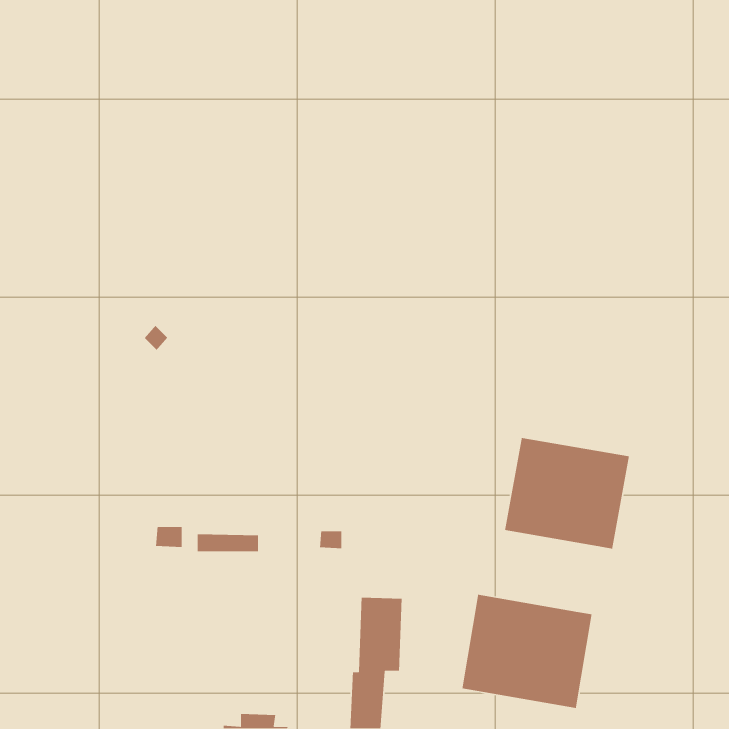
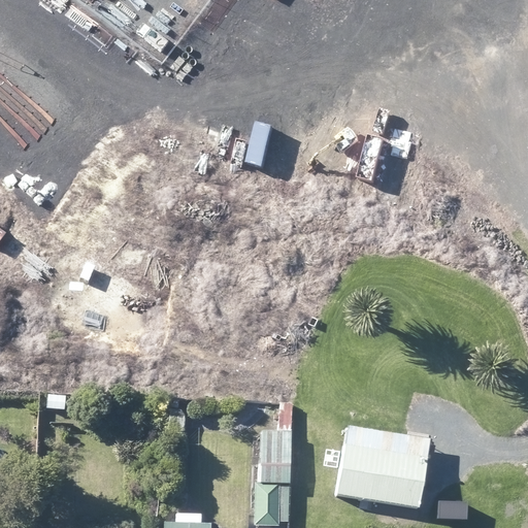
building: [504,437,630,549] -> none

